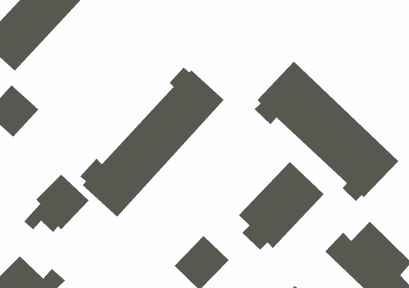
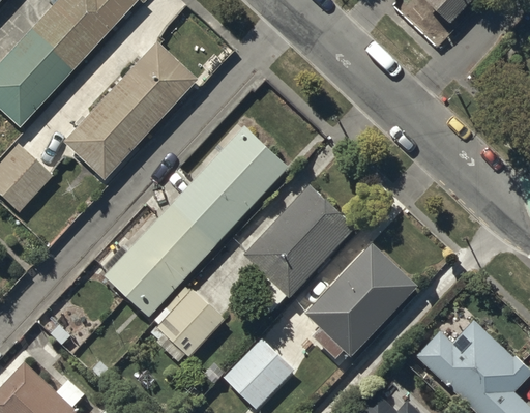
building: none -> [61,42,196,181]
building: [254,61,399,202] -> none
building: none -> [243,186,355,314]
building: [23,174,90,233] -> [139,286,224,361]

